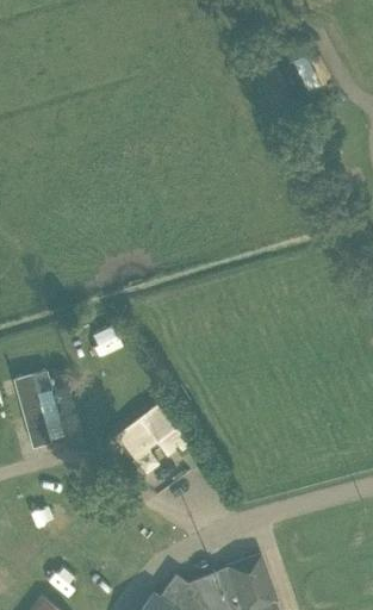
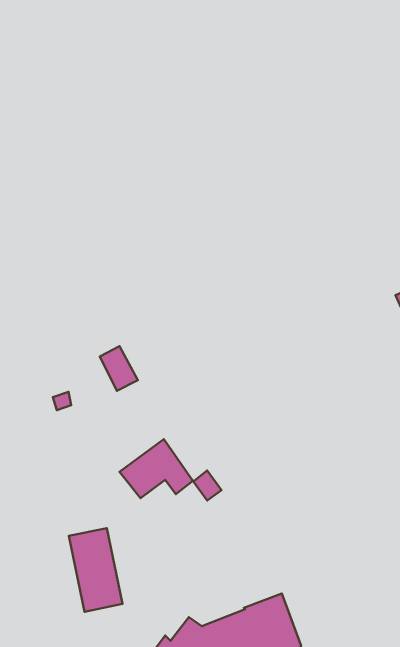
building: [14,369,63,446] -> [69,528,123,612]

